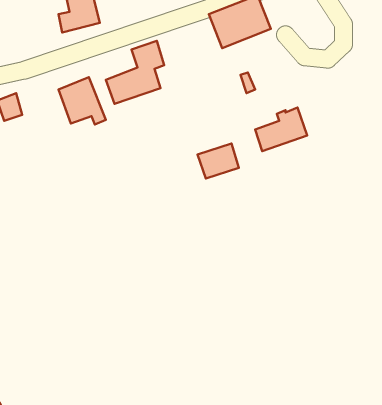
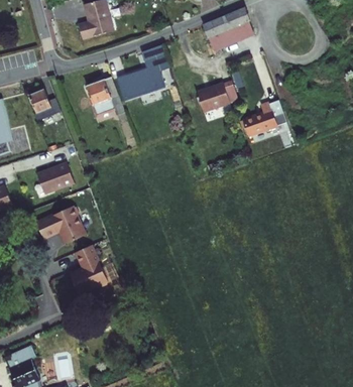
building: [197,143,239,179] -> [196,82,230,111]
building: none -> [38,161,76,192]
building: none -> [36,205,88,243]
building: none -> [69,245,108,291]

